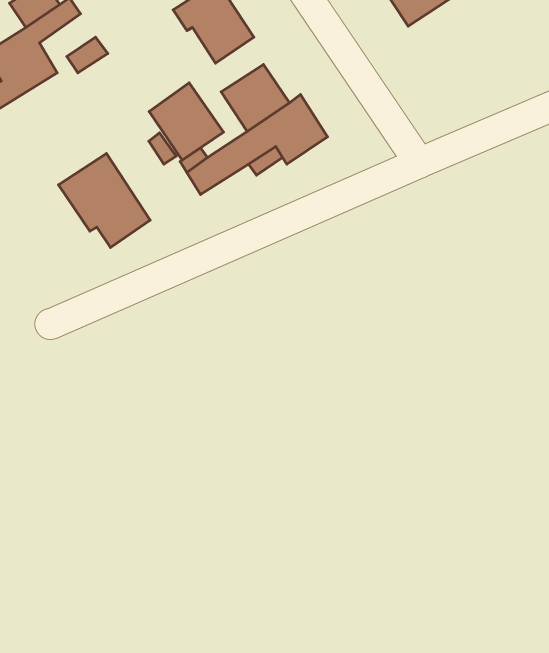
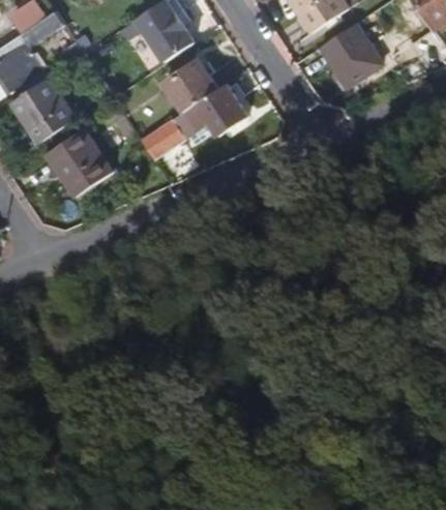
building: none -> [321,23,382,86]
building: none -> [10,76,75,141]
building: [149,83,224,160] -> none

